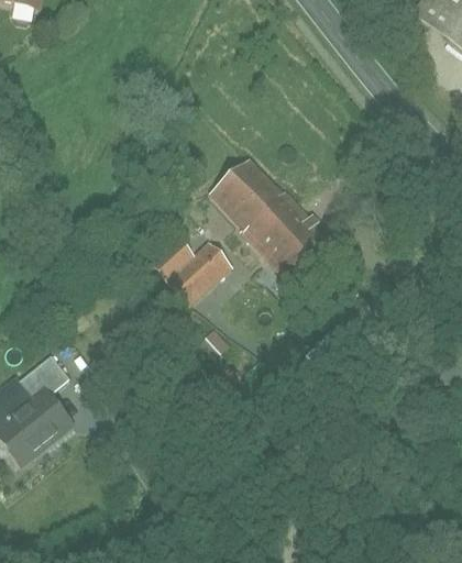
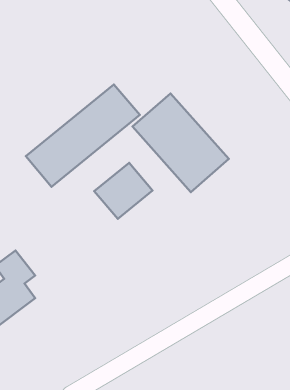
building: none -> [26,84,140,187]

